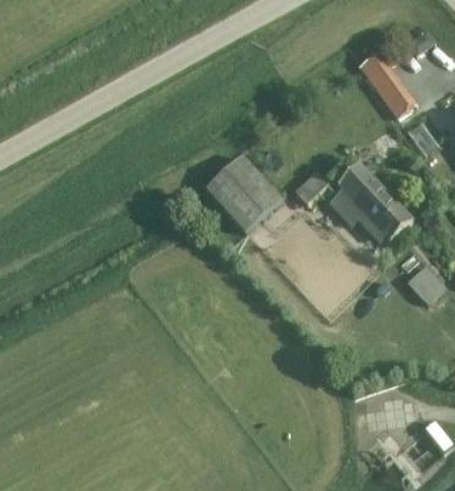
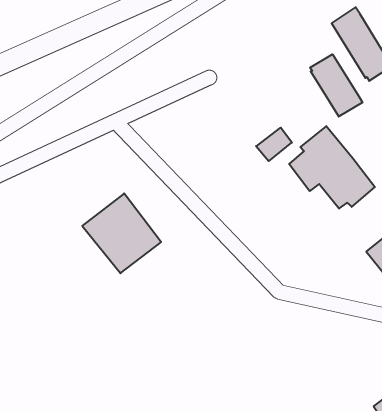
building: none -> [310,54,362,117]
building: [204,155,280,232] -> [82,193,161,273]

